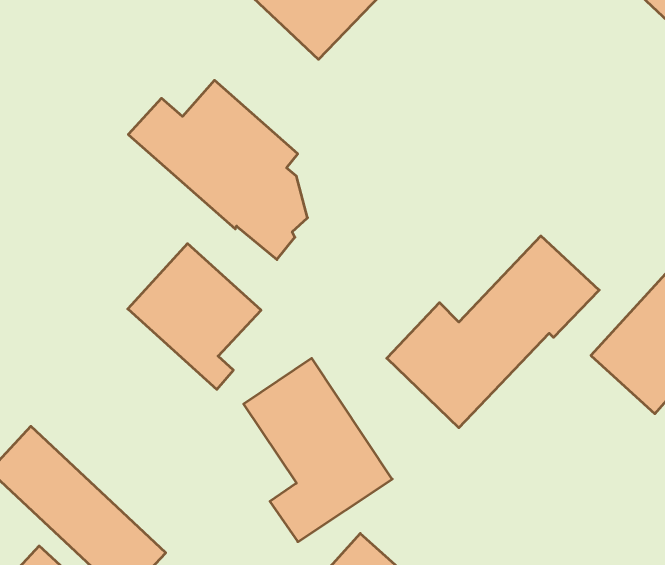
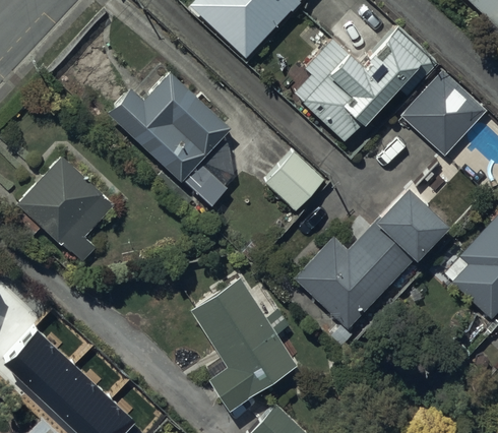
building: none -> [293,28,436,143]
building: none -> [401,71,485,154]
building: none -> [265,153,323,211]
building: [128,244,261,389] -> [17,156,115,262]

